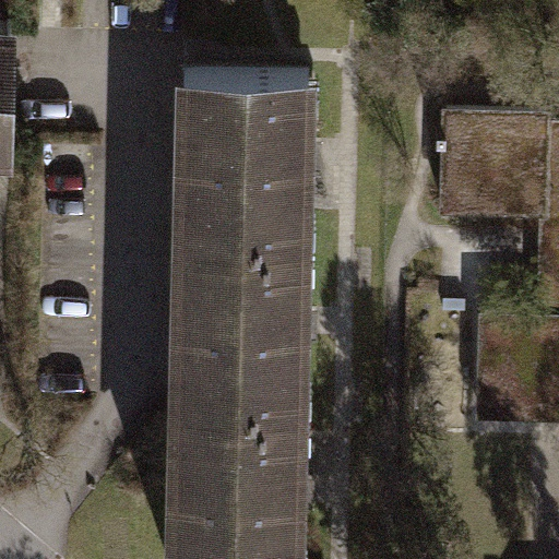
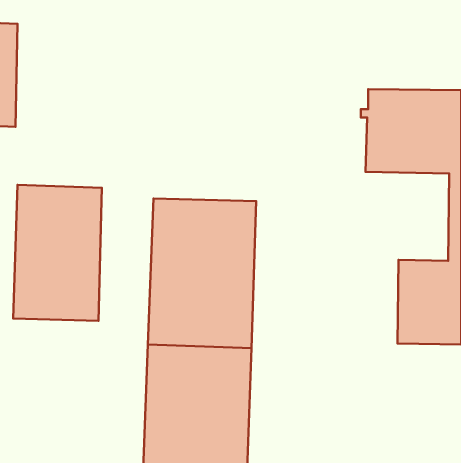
building: [182,70,310,247] -> none
building: none -> [13,185,102,321]

